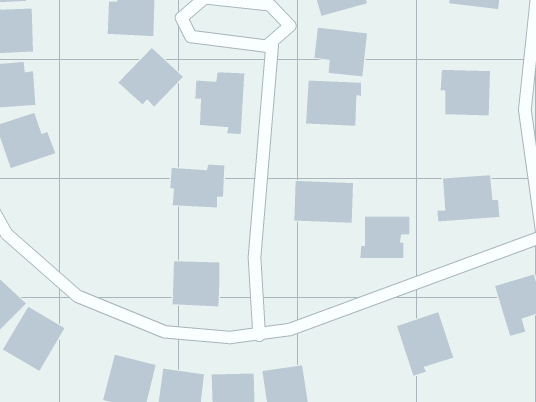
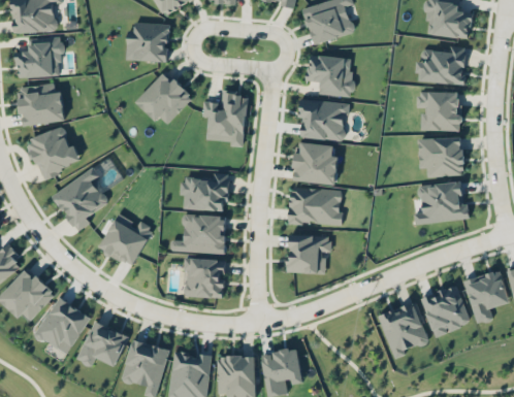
building: none -> [417,45,465,85]
building: none -> [419,137,463,176]
building: none -> [293,142,338,185]
building: none -> [53,168,109,232]
building: none -> [98,213,154,267]
building: none -> [170,214,225,254]
building: [359,216,410,259] -> [286,235,330,272]
building: none -> [421,285,471,336]
building: none -> [77,321,129,366]

